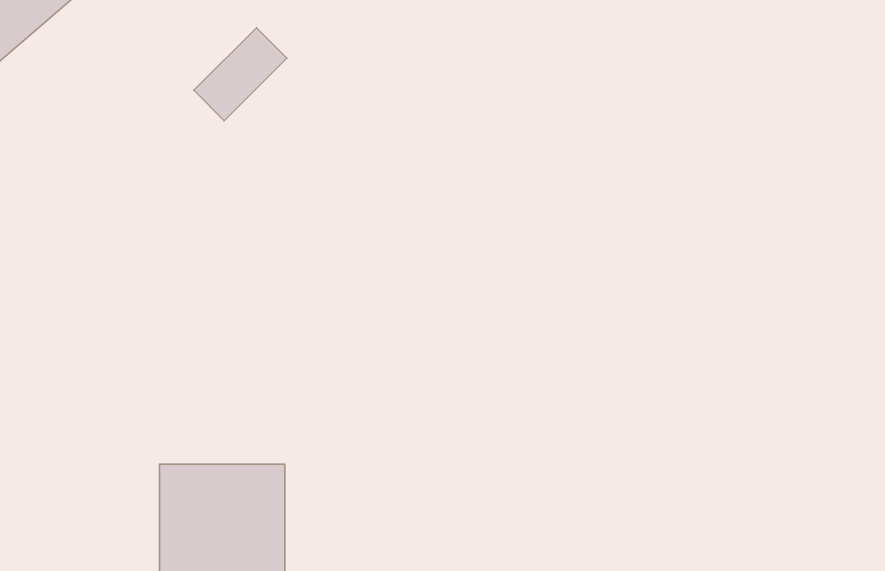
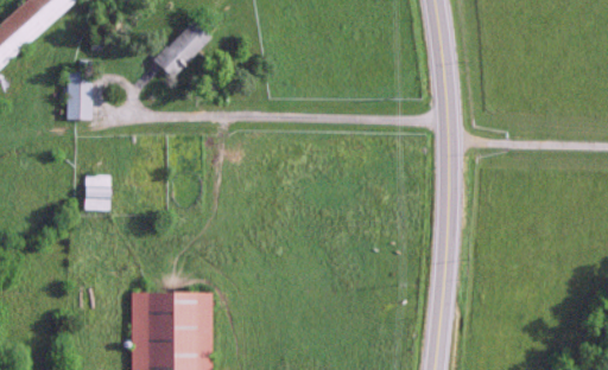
building: none -> [65,72,91,120]
building: none -> [84,176,110,210]

